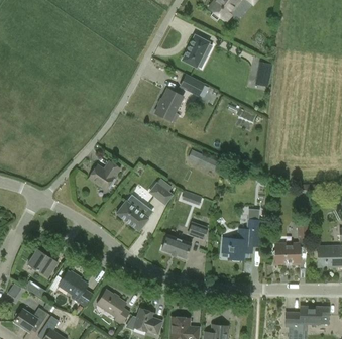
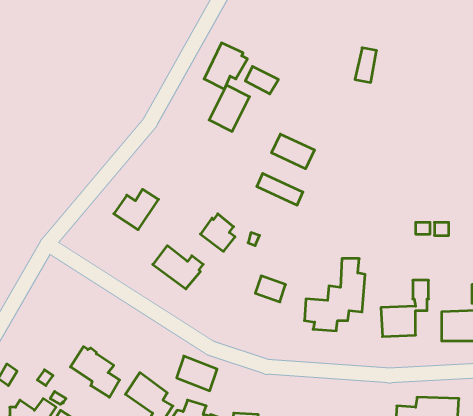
building: [182,34,212,67] -> [204,43,247,89]
building: none -> [272,134,314,169]
building: [161,234,190,258] -> [177,356,217,391]
building: [27,249,56,276] -> none

